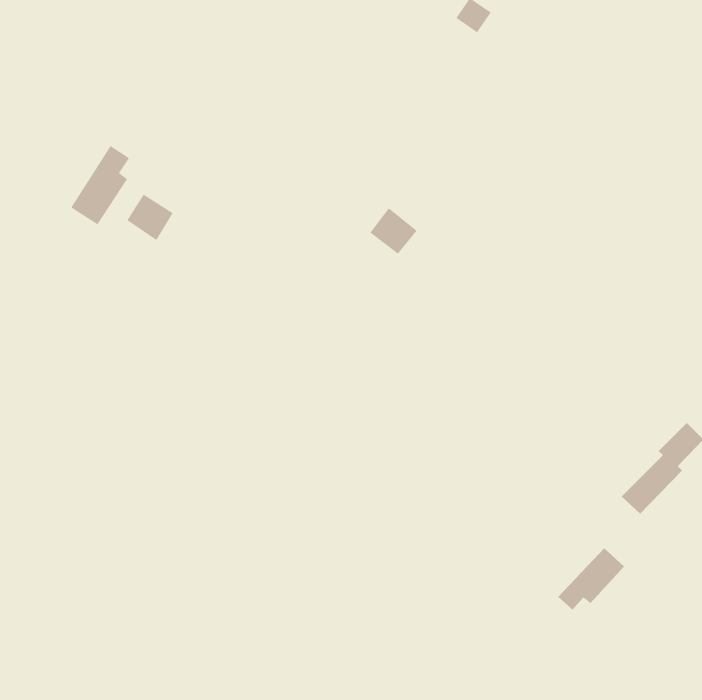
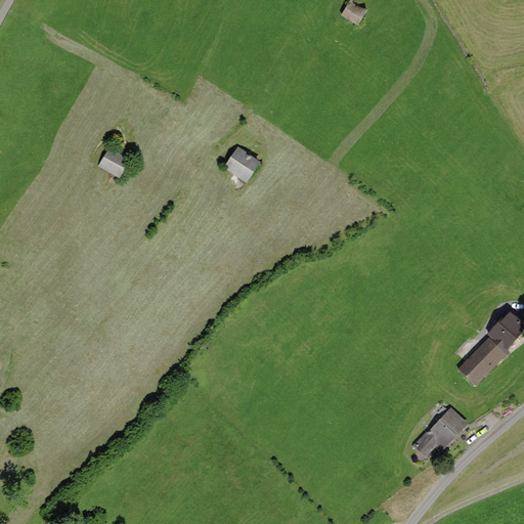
building: [71,145,130,225] -> none
building: [369,208,418,254] -> [222,145,258,180]

